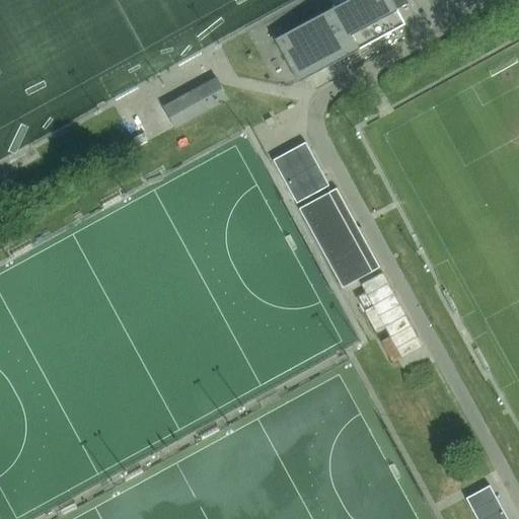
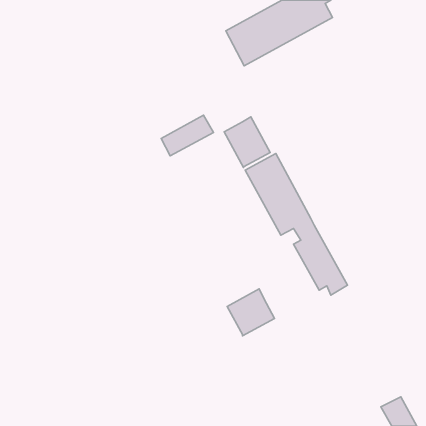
building: [163,76,227,126] -> [161,115,214,156]
building: none -> [227,289,275,336]

